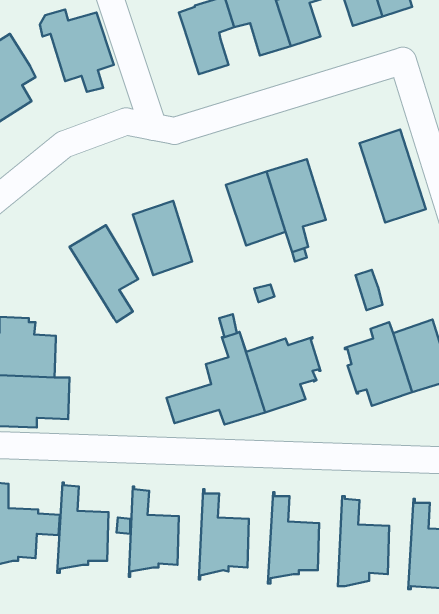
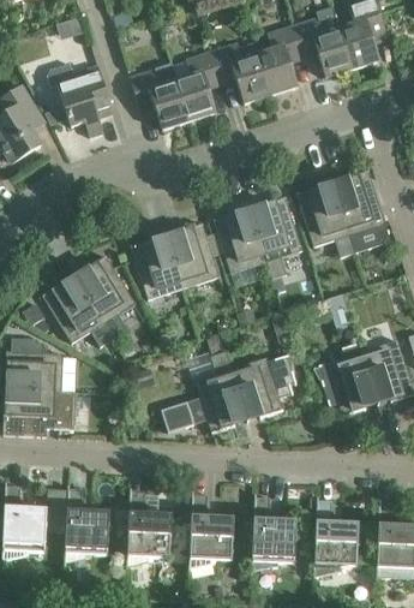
building: none -> [130,62,188,129]
building: none -> [295,181,354,257]
building: none -> [166,222,218,287]
building: none -> [41,274,113,346]

